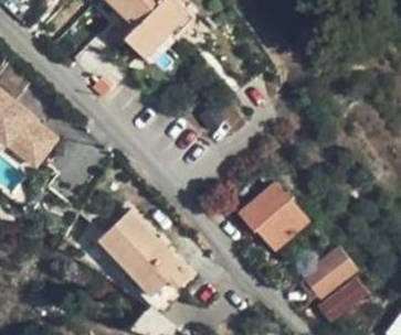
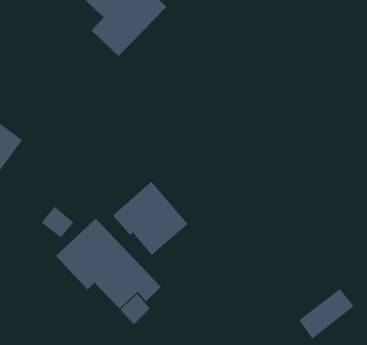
building: [238,181,308,250] -> [112,181,188,256]
building: [300,246,357,299] -> none

